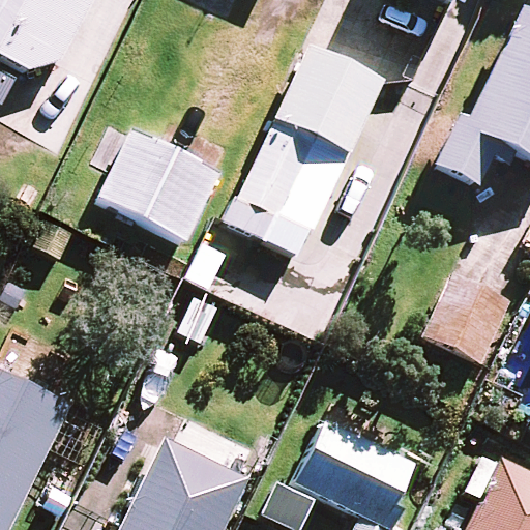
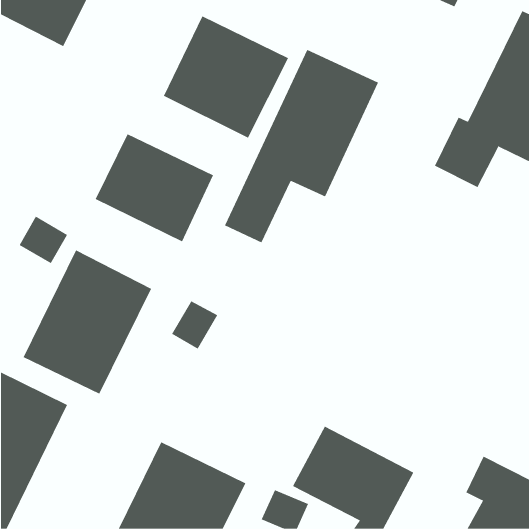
building: none -> [163,15,289,138]
building: none -> [23,250,152,395]
building: [424,277,509,362] -> none

